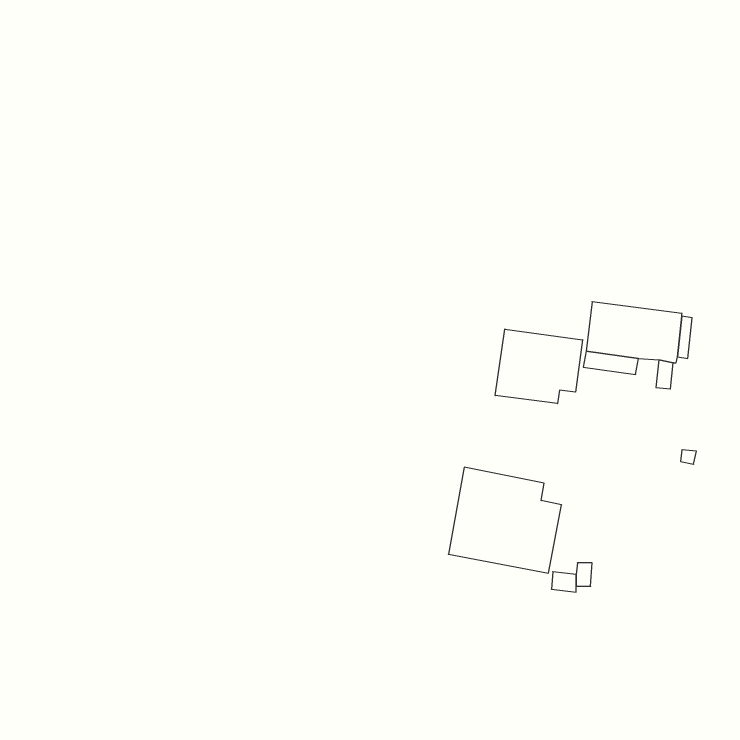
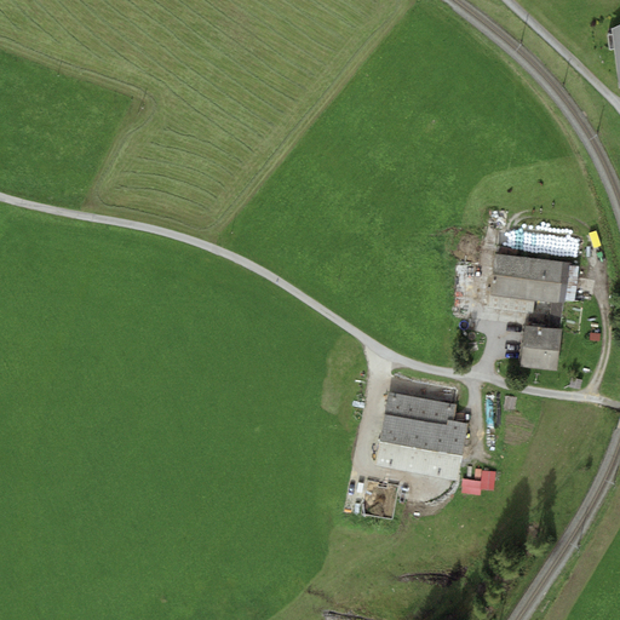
building: [495,329,583,404] -> none
building: none -> [519,325,561,371]

